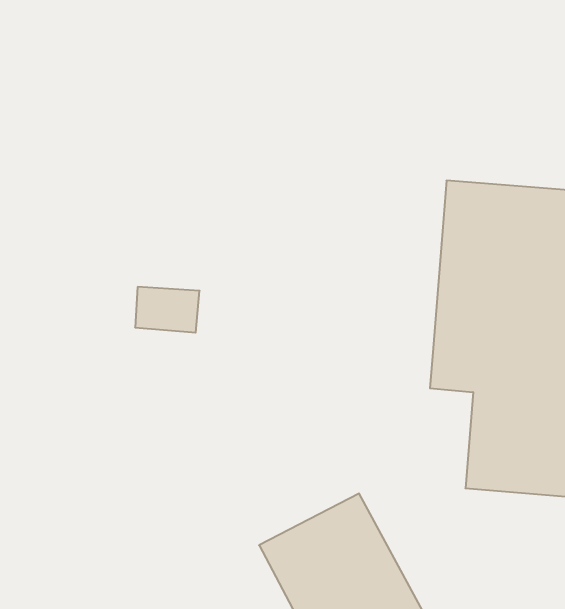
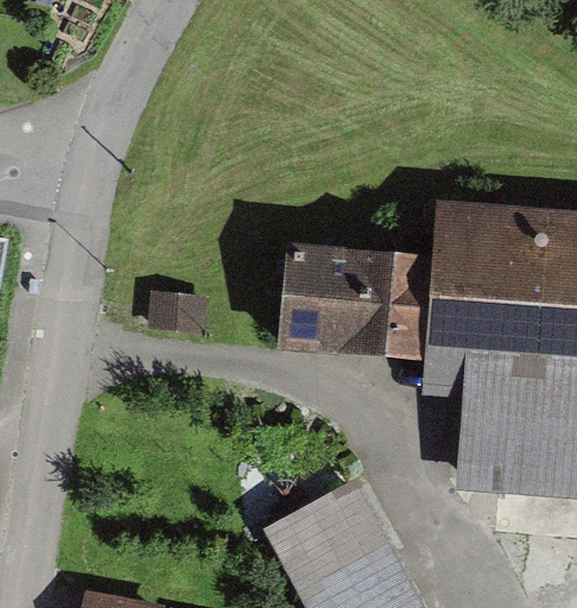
building: none -> [280,242,435,360]

